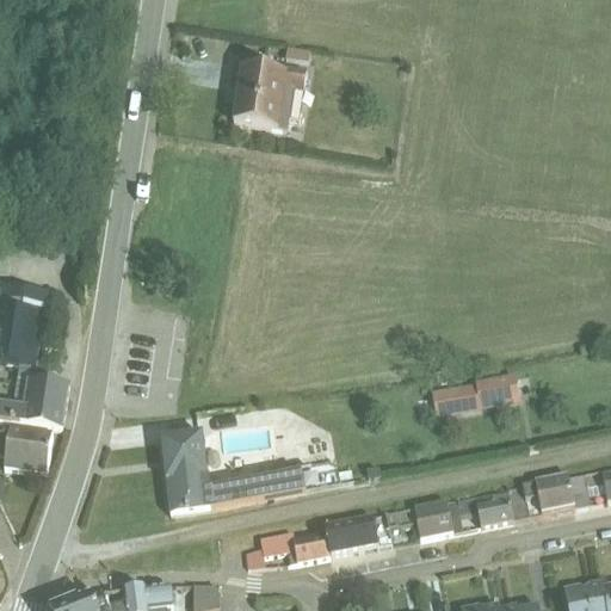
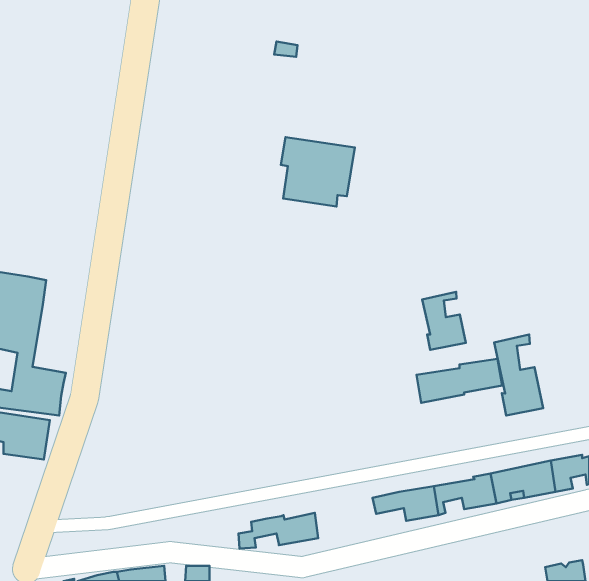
building: [229,57,306,129] -> [281,137,355,207]
building: none -> [422,292,466,350]
building: none -> [494,334,543,415]
building: [160,432,304,514] -> none
building: [323,513,390,555] -> none

